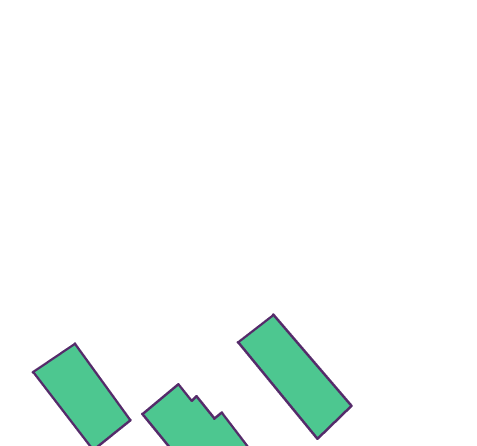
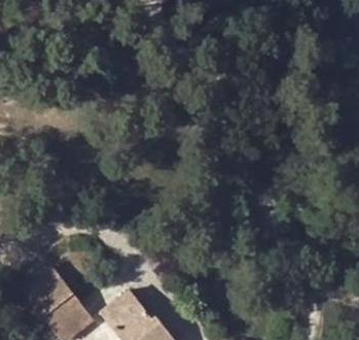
building: [238,315,351,439] -> none

